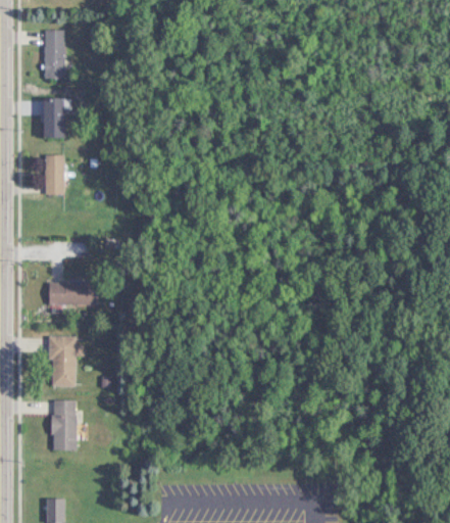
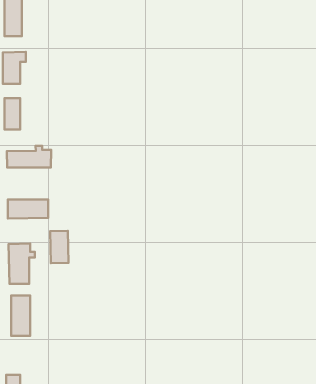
building: none -> [7,146,51,168]
building: none -> [50,231,69,263]

